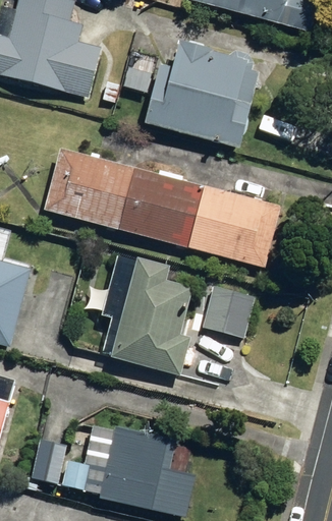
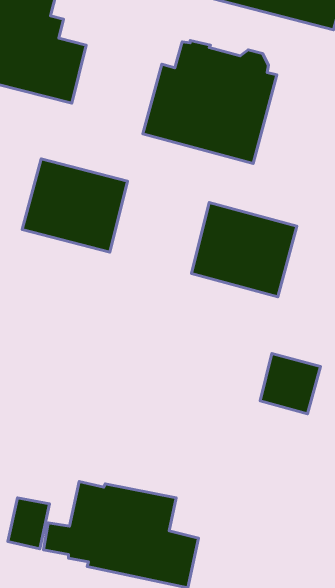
building: [119,166,205,245] -> none
building: [55,255,191,374] -> none
building: [204,285,256,337] -> [260,354,320,414]

